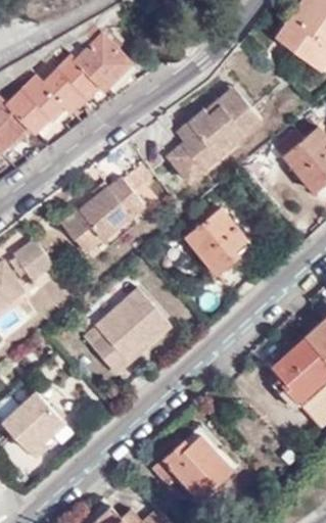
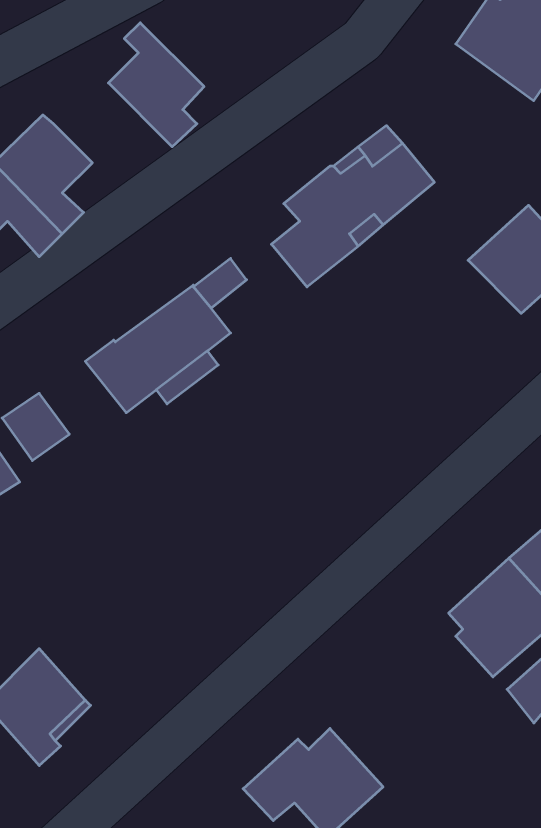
building: [43,57,111,113] -> none
building: [183,209,244,275] -> none
building: [90,285,171,371] -> none

